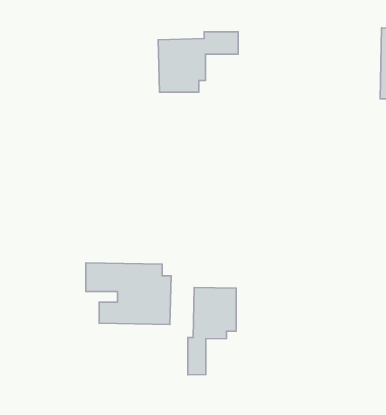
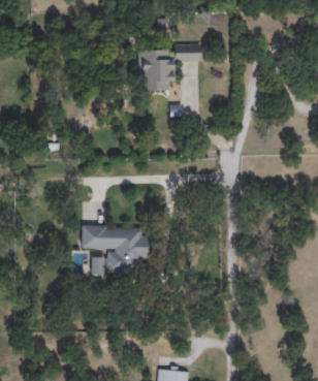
building: [188,288,236,375] -> none

